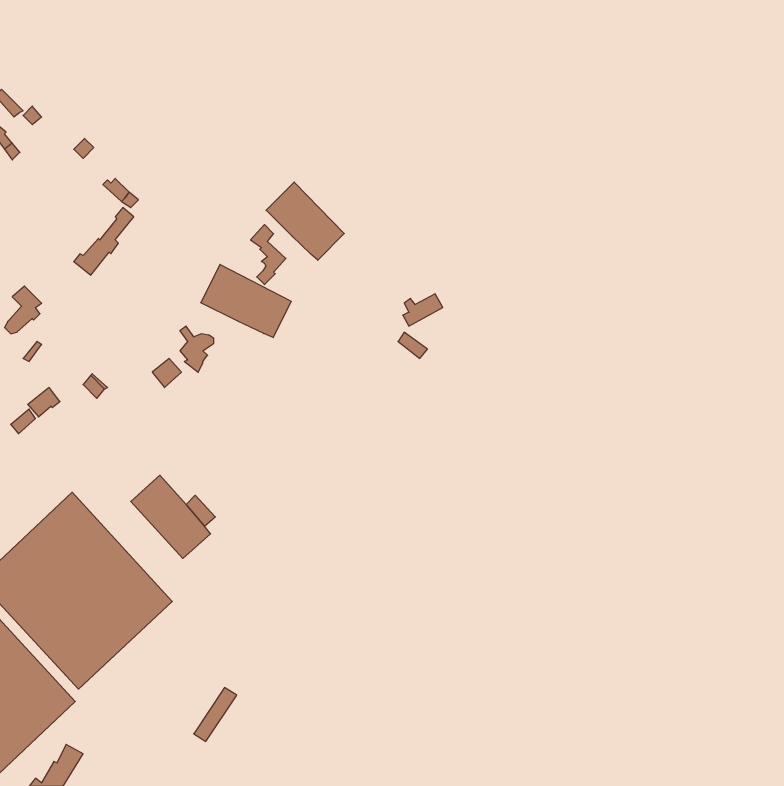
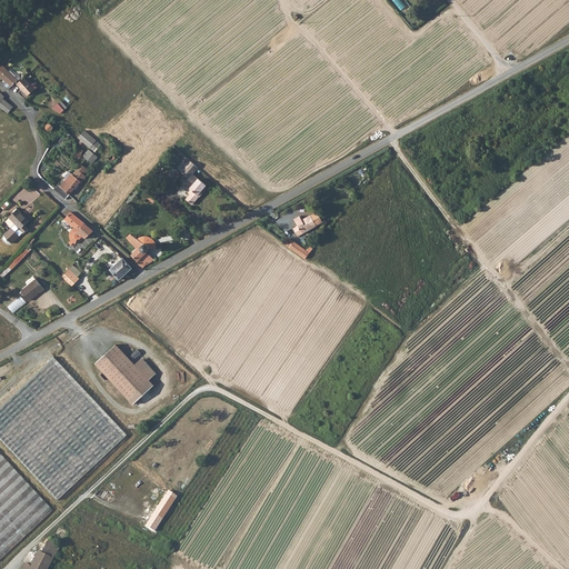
building: [266,182,344,260] -> none
building: [201,264,291,338] -> none
building: none -> [64,211,93,246]

